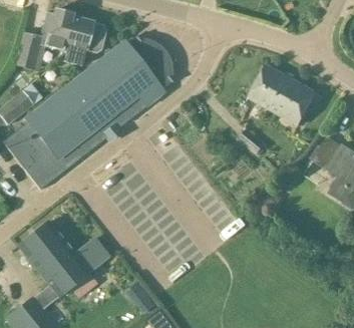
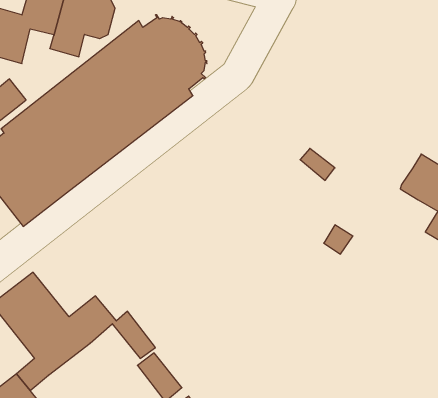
building: [248,64,316,125] -> none

